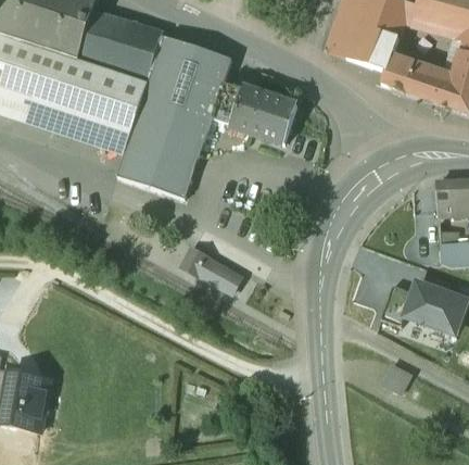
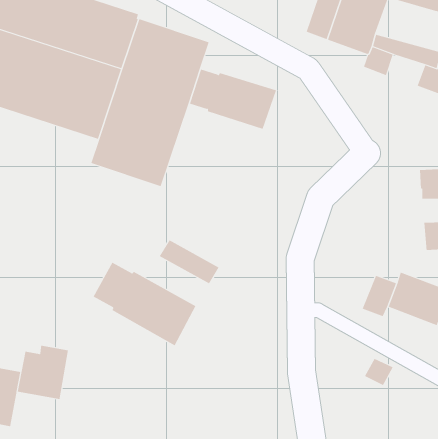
building: [404,71,441,101] -> none
building: none -> [93,262,196,346]
building: none -> [17,345,69,400]

